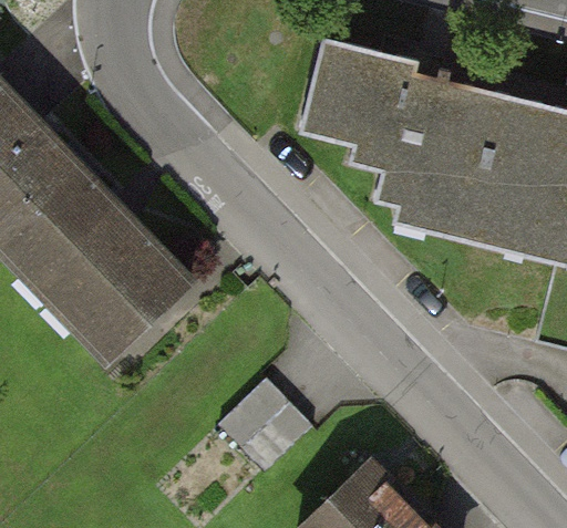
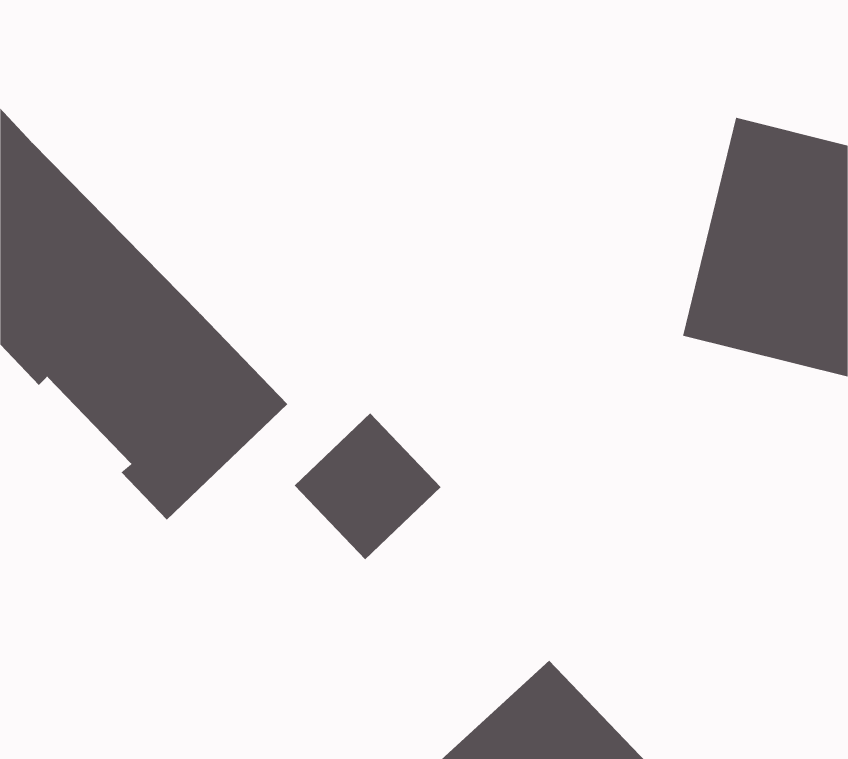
building: [308,41,491,239] -> none
building: [216,377,315,476] -> [294,412,442,560]

